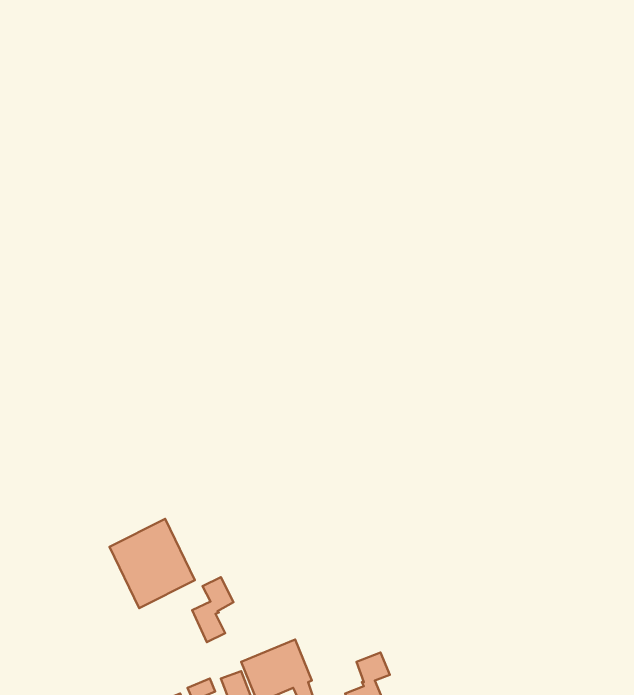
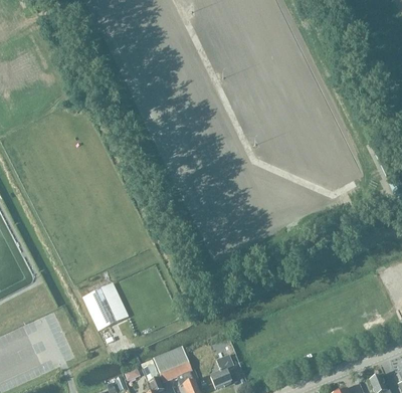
building: [192,577,234,642] -> none

